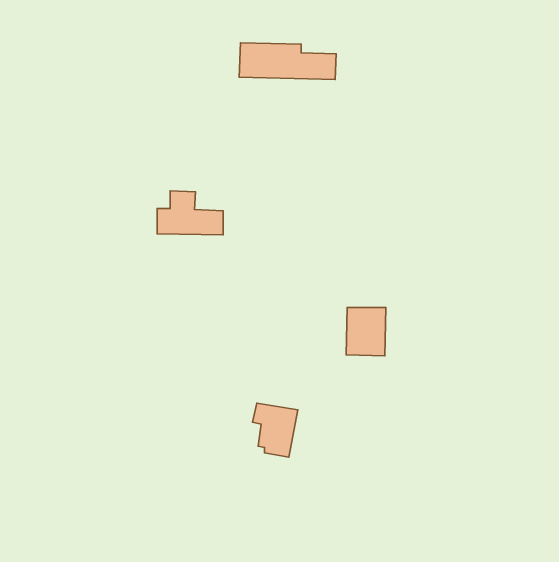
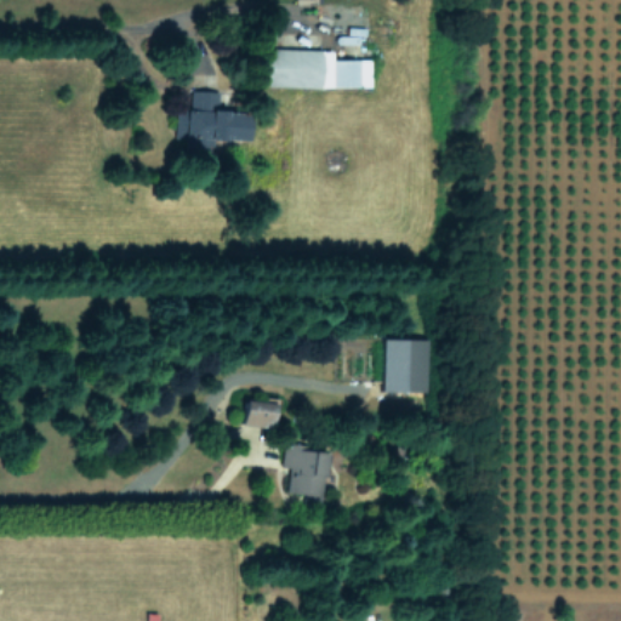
building: [157,191,223,235] -> [180,91,252,139]
building: none -> [245,400,279,429]

